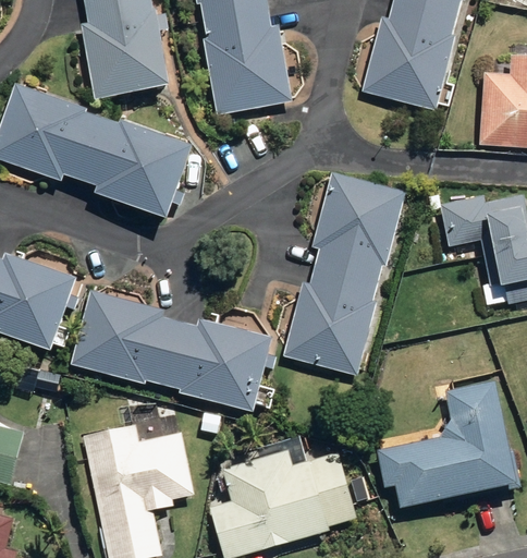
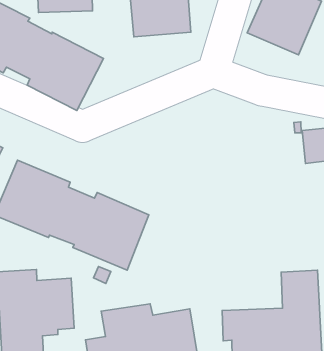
building: [284,172,404,373] -> none

